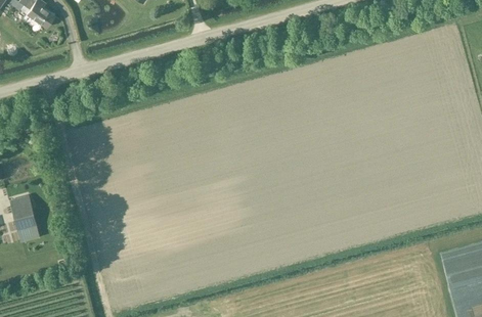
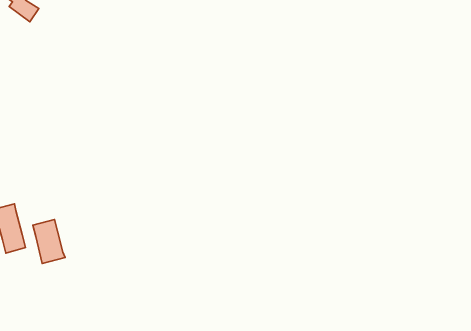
building: none -> [33,220,65,264]

